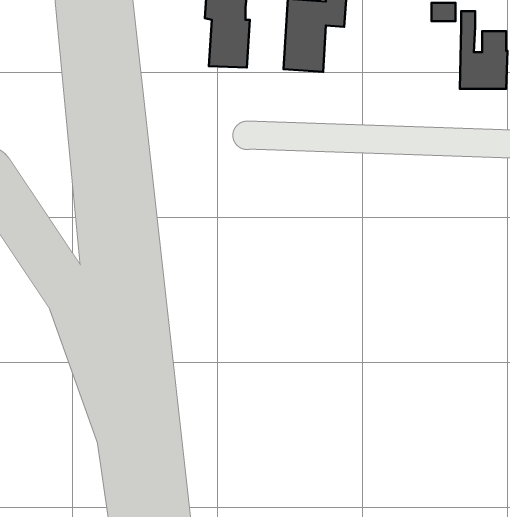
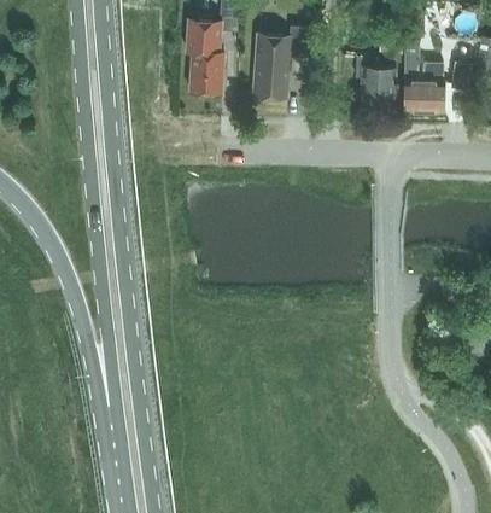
building: none -> [355,56,394,110]

